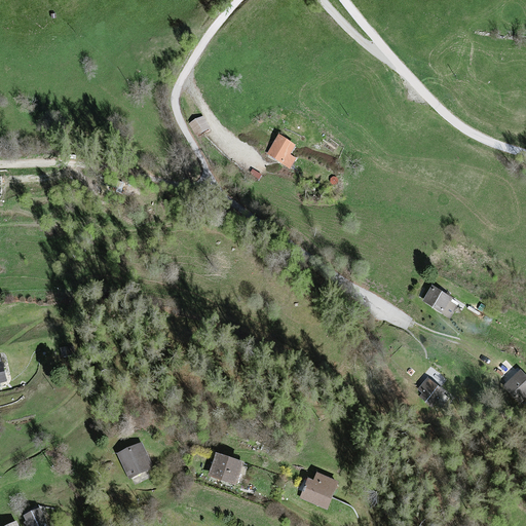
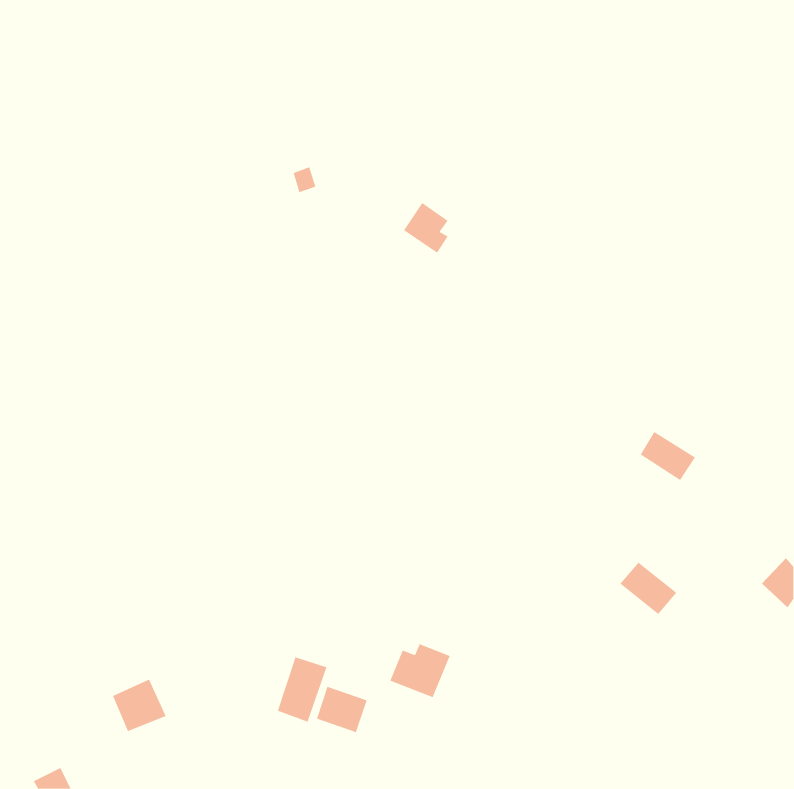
building: none -> [277,657,327,723]
building: [117,442,153,477] -> [112,679,167,732]
building: [298,472,338,508] -> [390,643,450,698]

